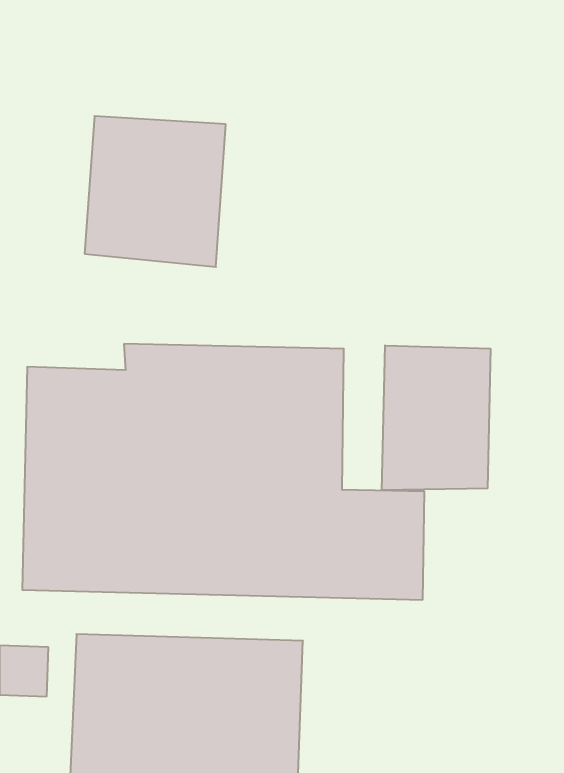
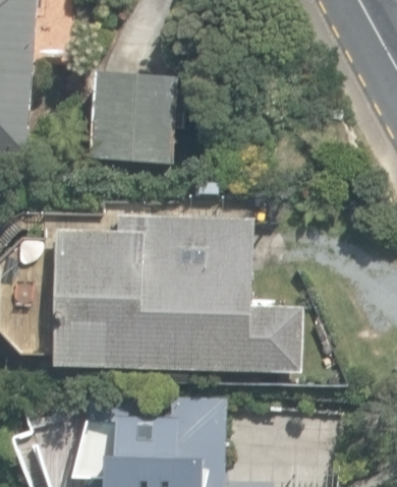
building: [382,345,490,490] -> none

